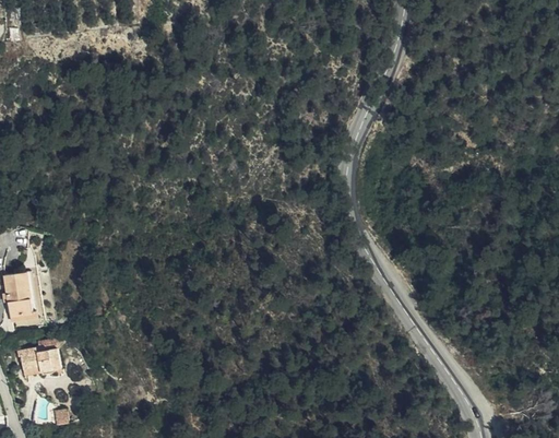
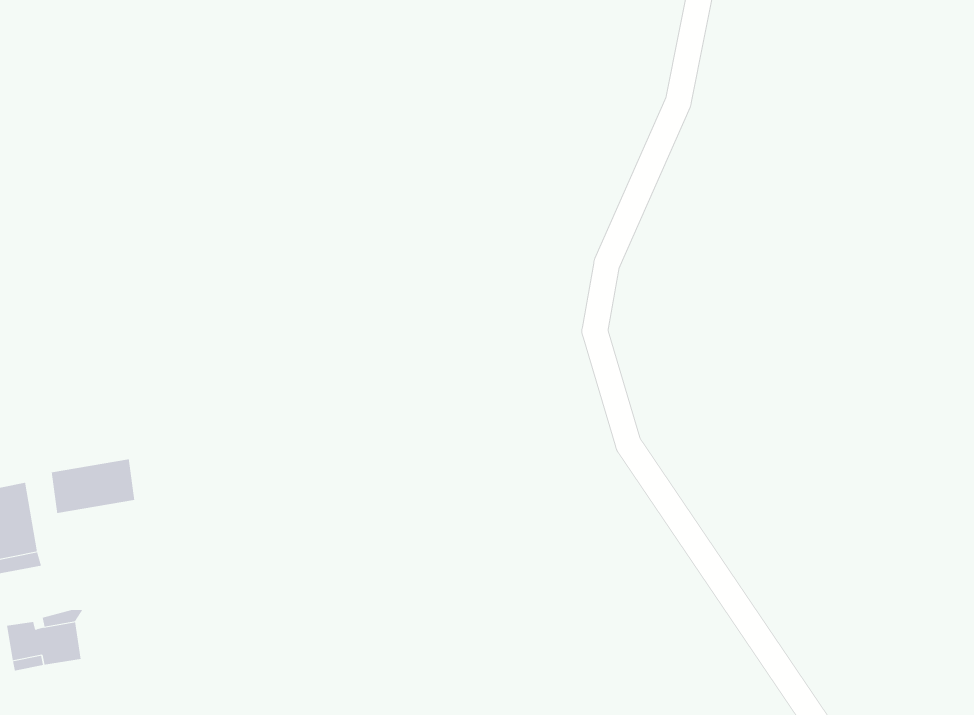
building: none -> [51,458,135,514]

